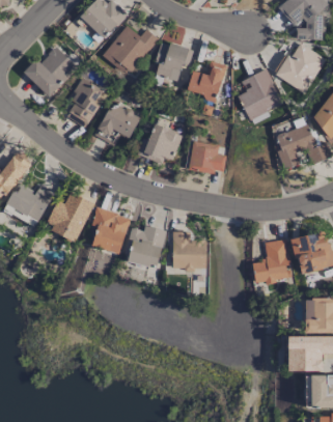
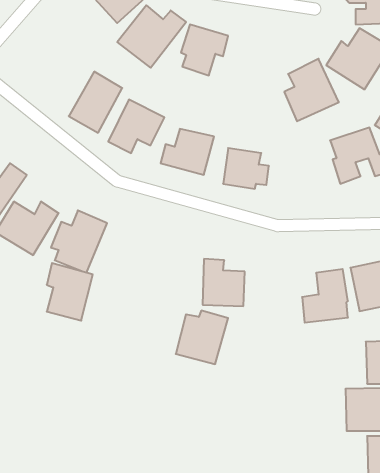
building: [24,47,78,97] -> none
building: [188,61,225,100] -> none
building: [92,207,130,254] -> [47,263,93,321]
building: [124,225,167,269] -> [176,311,228,364]

